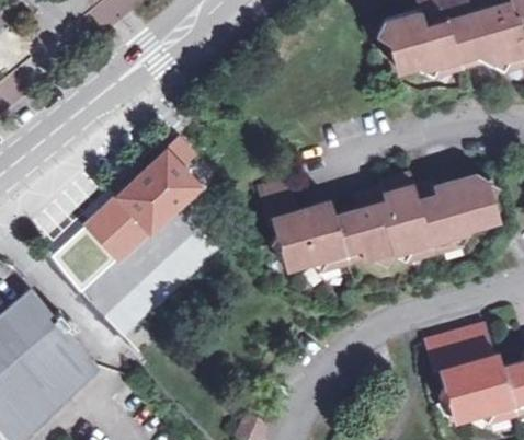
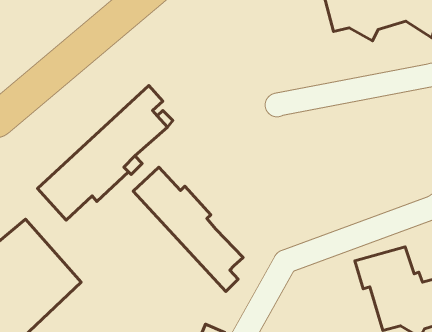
building: [258,172,499,277] -> none
building: none -> [133,167,243,291]

